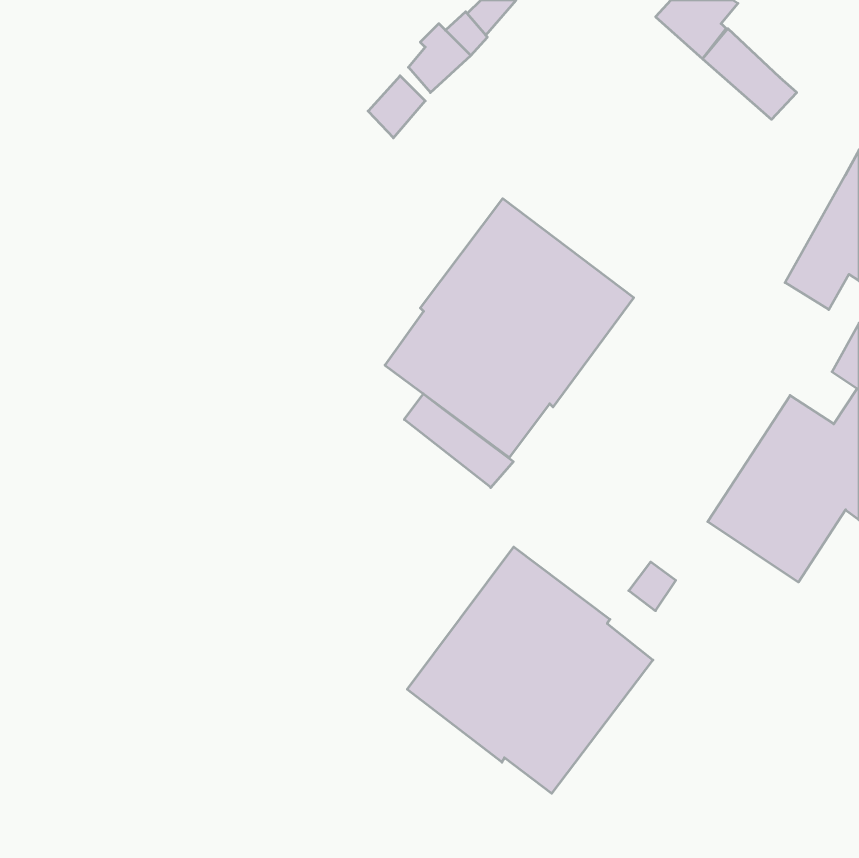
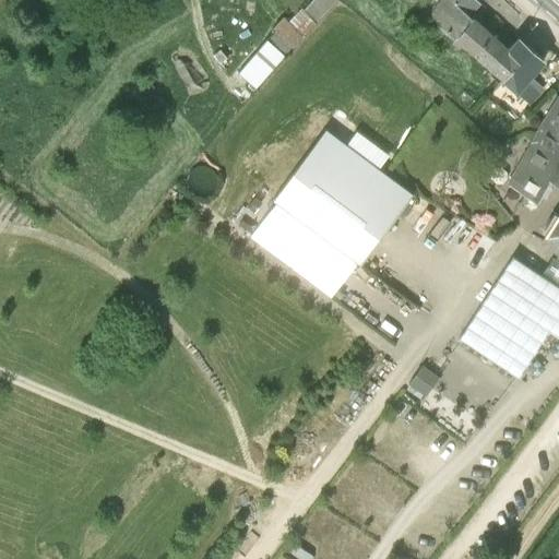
building: none -> [502,39,544,92]
building: [404,394,513,488] -> none
building: [407,547,653,793] -> none

